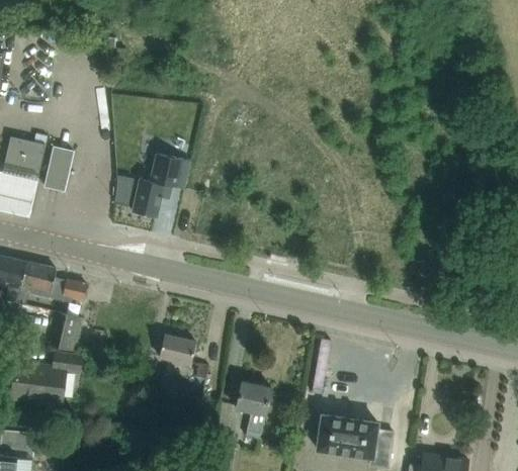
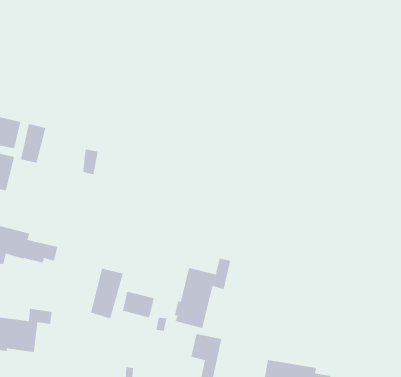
building: [133,155,186,217] -> none
building: none -> [174,258,231,329]
building: none -> [91,268,123,319]
building: [50,310,84,352] -> none

